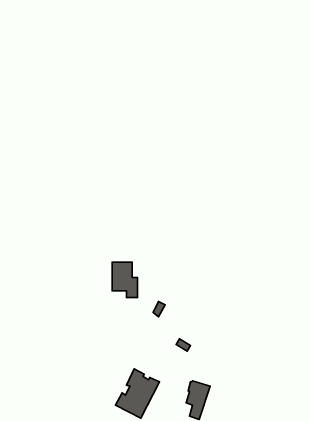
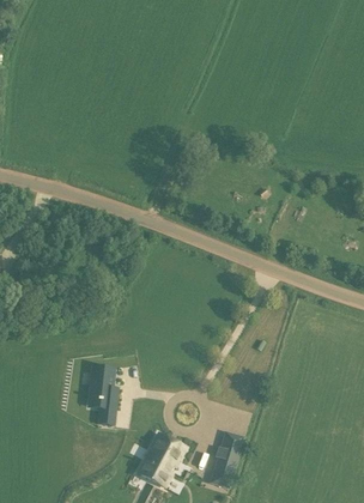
building: [112,262,138,297] -> [91,375,119,413]

